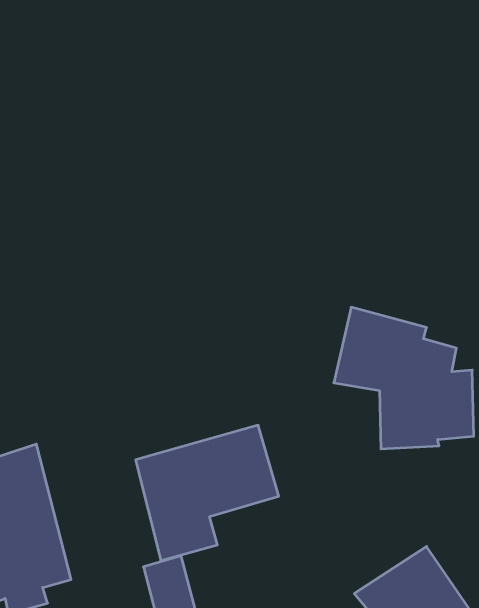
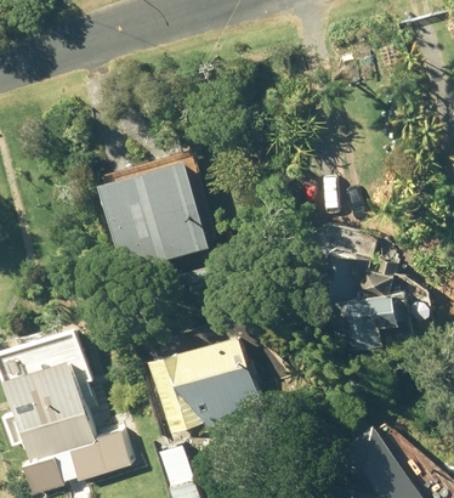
building: none -> [102,158,214,270]

